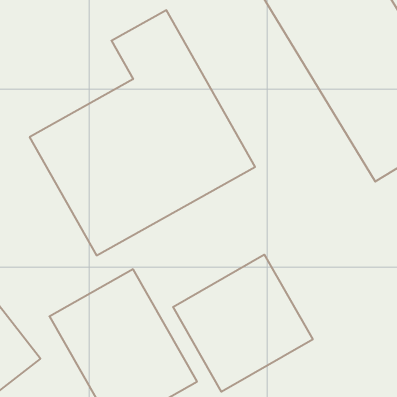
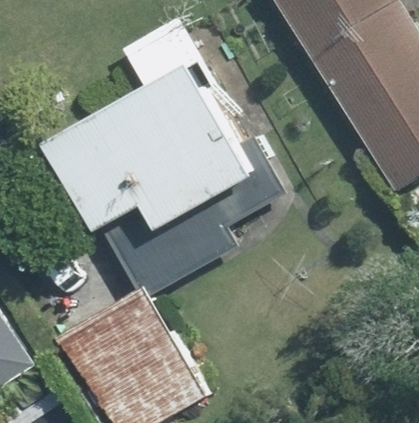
building: [173,255,313,392] -> none

